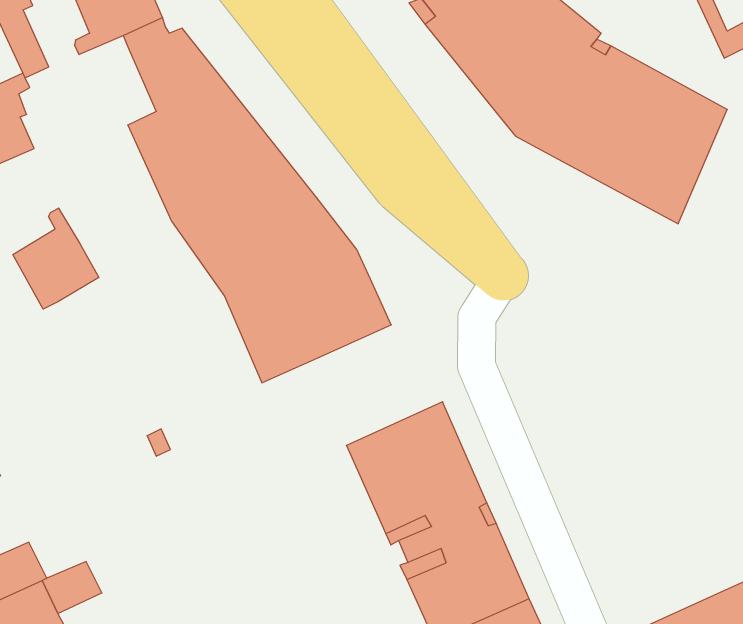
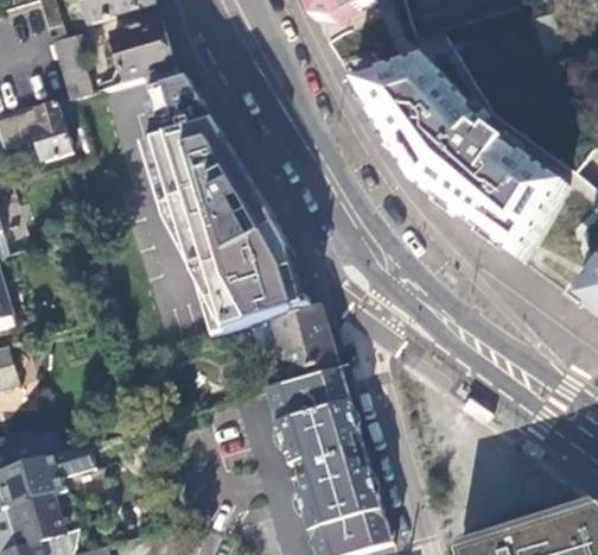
building: [13,208,99,309] -> none
building: none -> [252,304,337,373]

